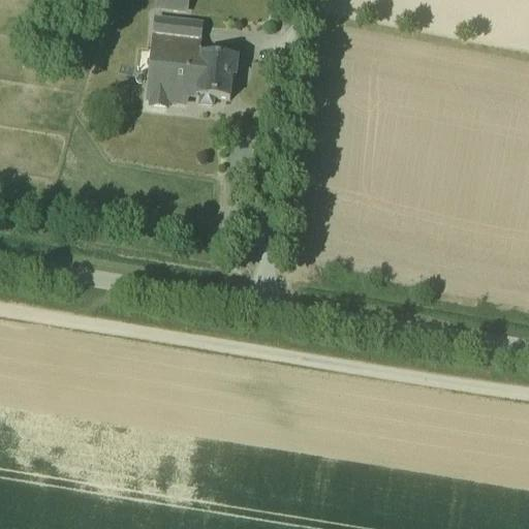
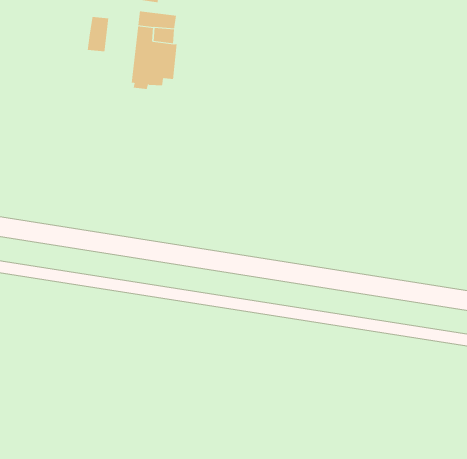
building: none -> [87,16,109,52]
building: [197,50,234,99] -> none

